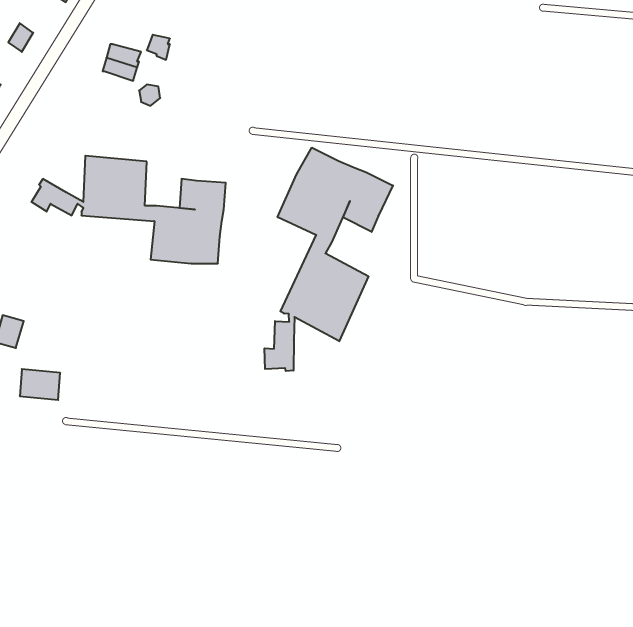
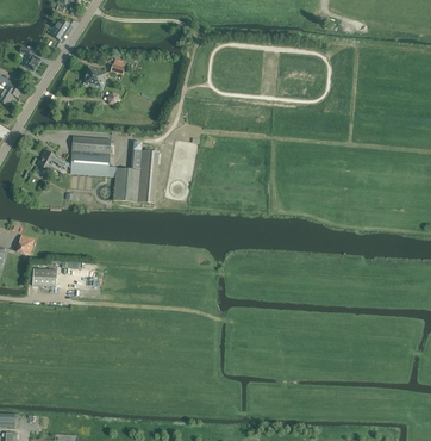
building: [265,148,393,371] -> none

